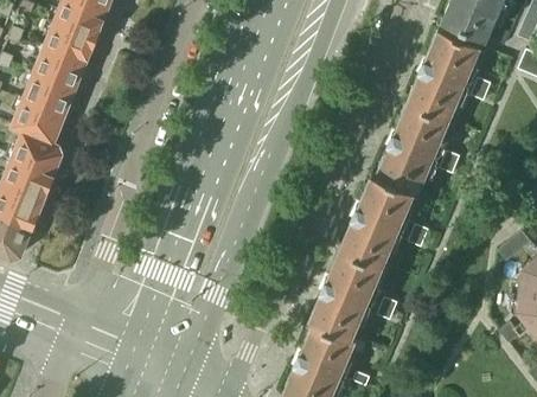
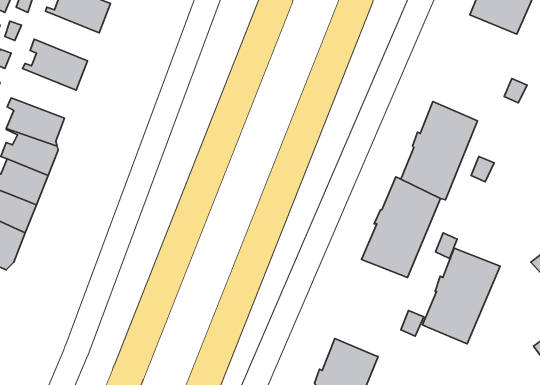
building: [37,20,97,66] -> none
building: [408,31,480,122] -> none
building: [15,73,76,120] -> none
building: [312,251,384,340] -> [422,248,500,344]

